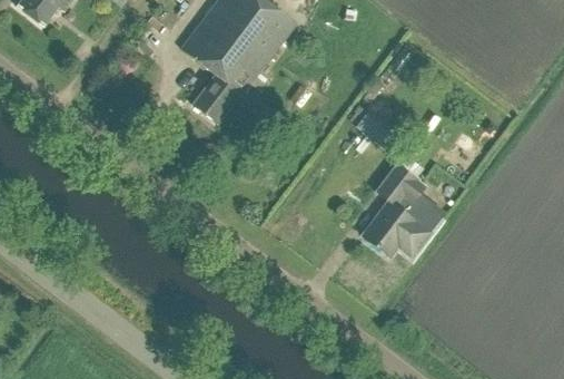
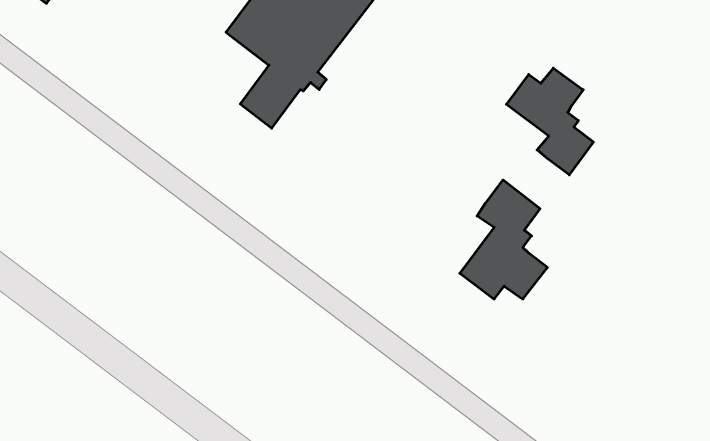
building: none -> [506,68,593,175]

